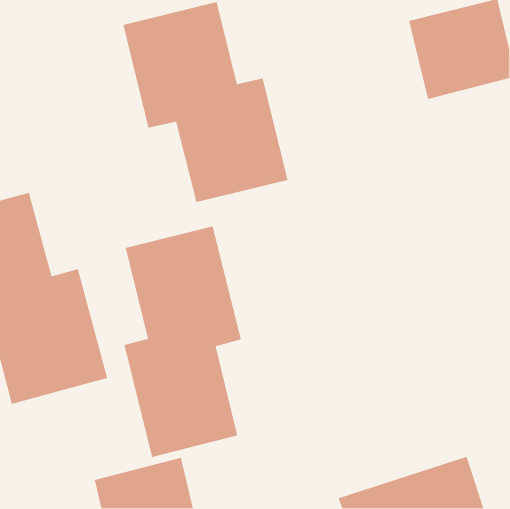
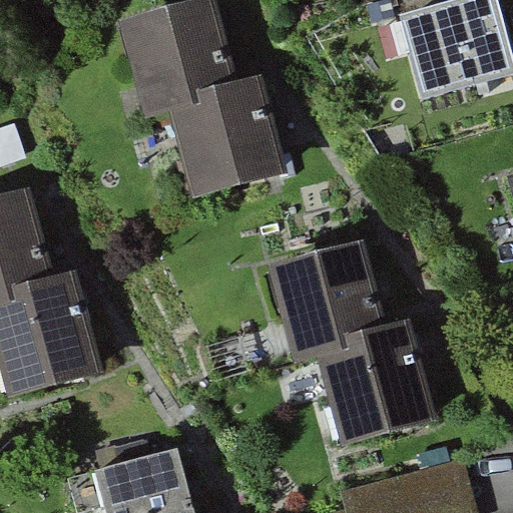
building: [124,226,242,458] -> none
building: none -> [266,238,436,447]

